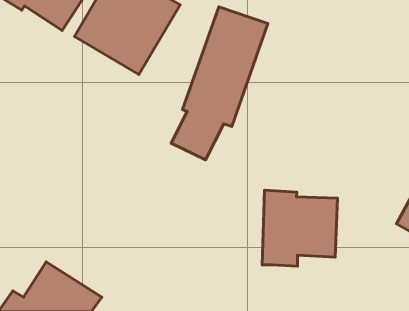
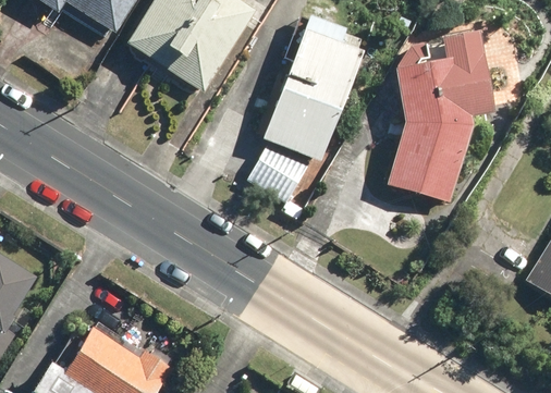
building: none -> [389,29,491,202]
building: [262,190,338,266] -> none

